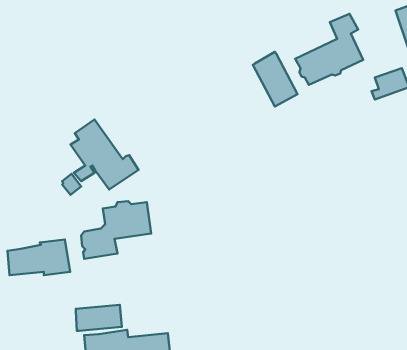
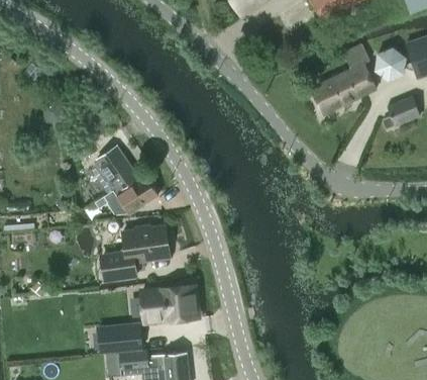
building: none -> [373,46,407,82]
building: [253,52,298,106] -> none
building: [7,239,70,275] -> [131,287,192,321]

